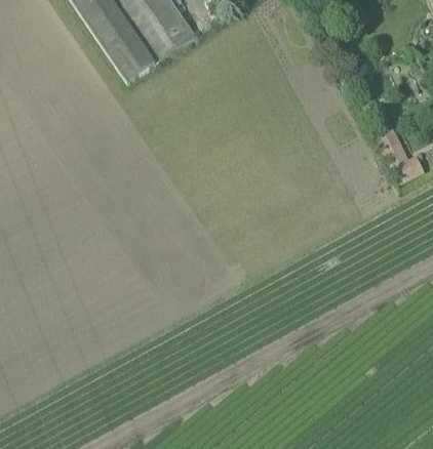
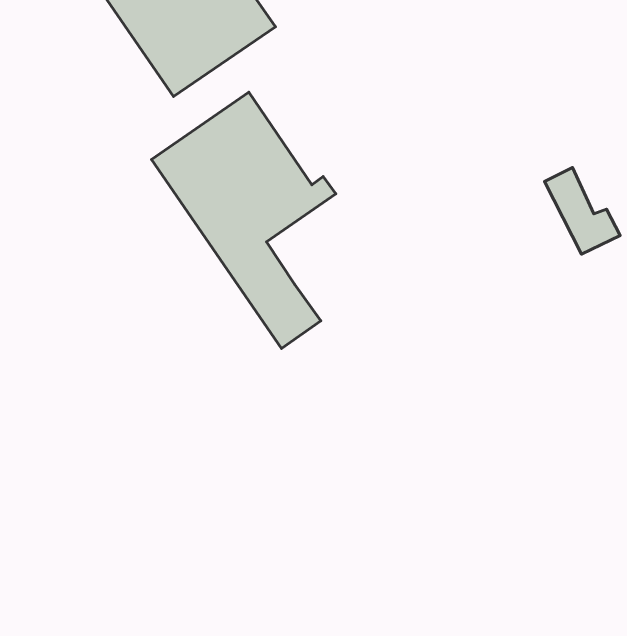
building: none -> [152,92,336,349]

